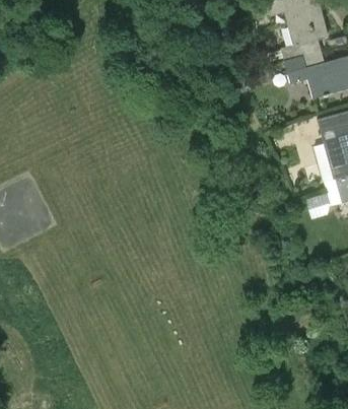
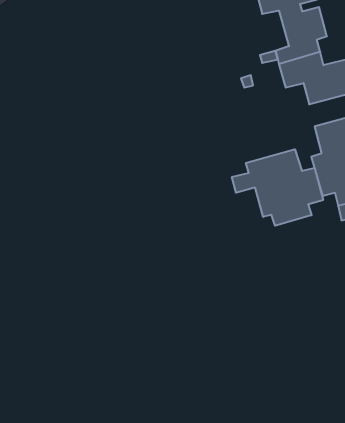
building: none -> [232,149,323,226]

